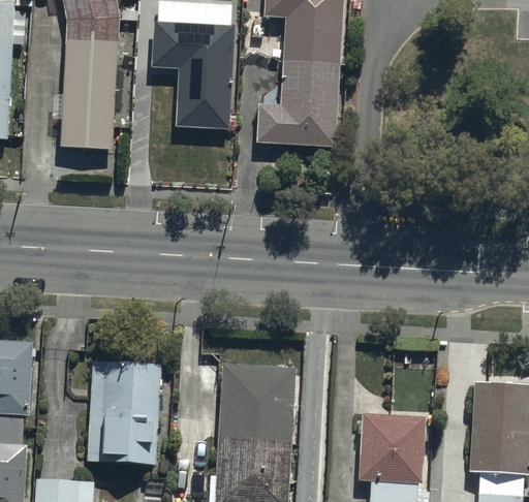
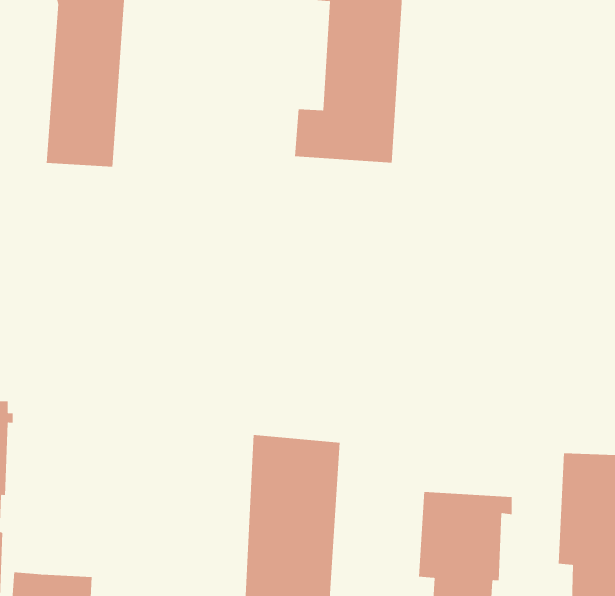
building: [152,21,235,130] -> none
building: [88,362,161,464] -> none

